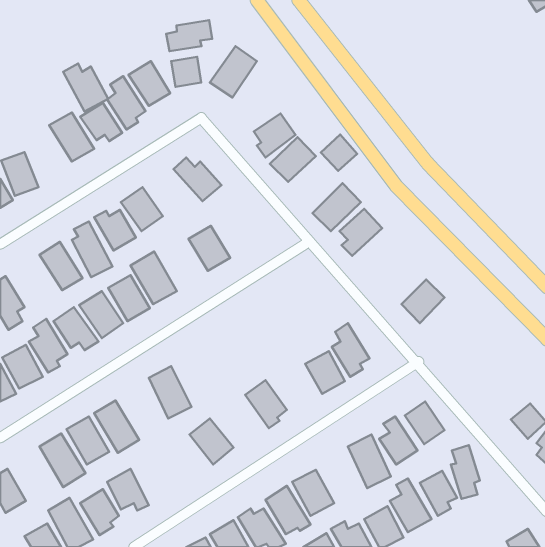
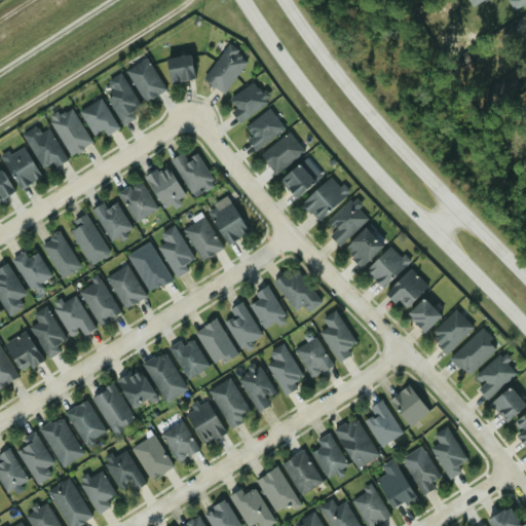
building: [166,20,212,51] -> none
building: [63,63,108,112] -> [23,125,66,172]
building: none -> [231,81,269,124]
building: [321,134,357,171] -> [280,163,315,198]
building: none -> [145,164,185,209]
building: none -> [212,202,247,245]
building: none -> [158,226,195,276]
building: none -> [344,228,384,268]
building: none -> [366,245,410,289]
building: none -> [11,251,53,291]
building: none -> [274,271,323,312]
building: none -> [250,286,287,329]
building: none -> [408,298,442,332]
building: none -> [225,301,262,348]
building: none -> [429,309,475,353]
building: none -> [195,318,236,366]
building: none -> [451,329,499,376]
building: none -> [167,339,210,379]
building: none -> [267,344,305,392]
building: none -> [478,353,517,400]
building: none -> [116,368,156,410]
building: none -> [210,378,252,428]
building: none -> [160,421,199,462]
building: none -> [17,431,54,485]
building: none -> [315,433,346,477]
building: none -> [133,435,173,480]

